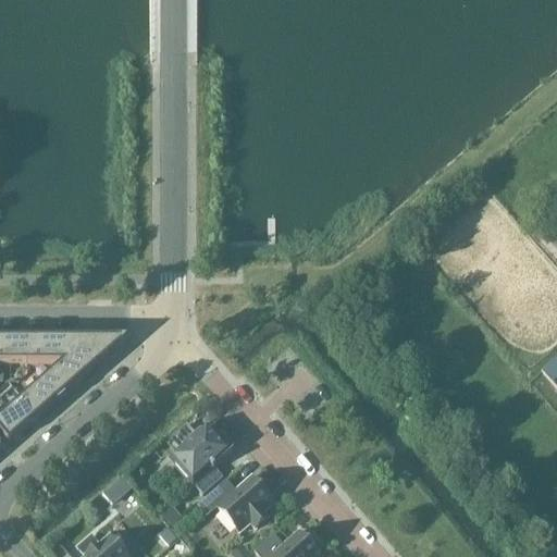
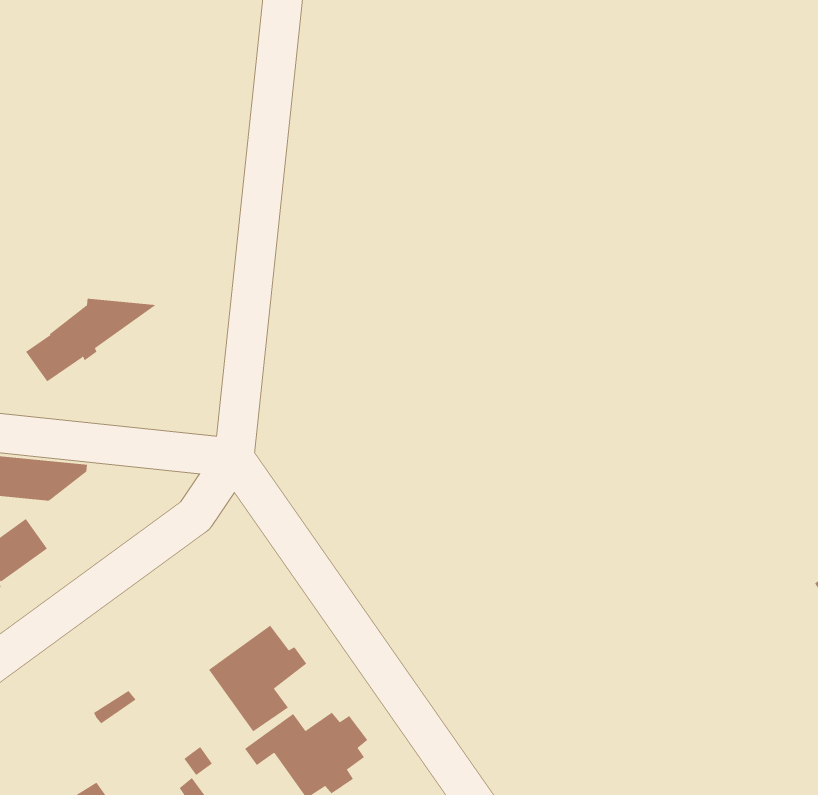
building: [48,335,126,389] -> [25,298,156,382]

